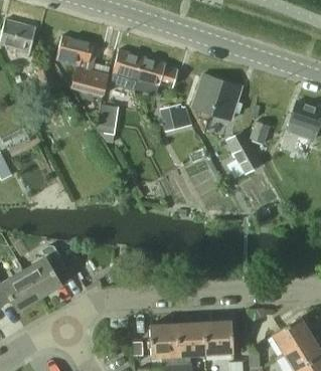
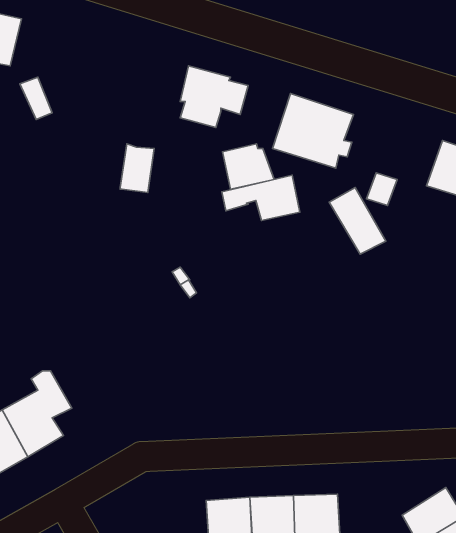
building: [55,34,107,95] -> none
building: [110,50,139,90] -> none
building: none -> [222,175,300,221]

